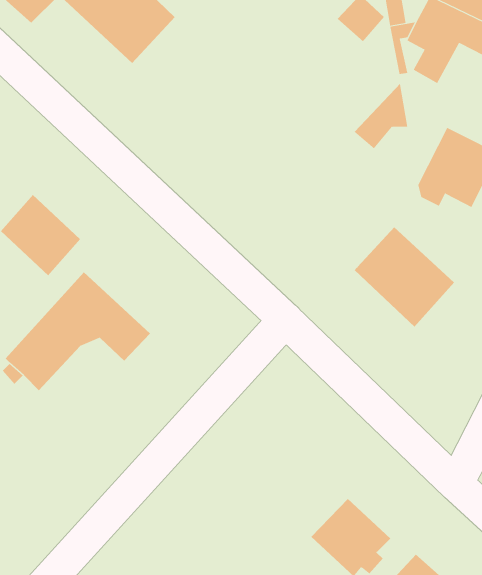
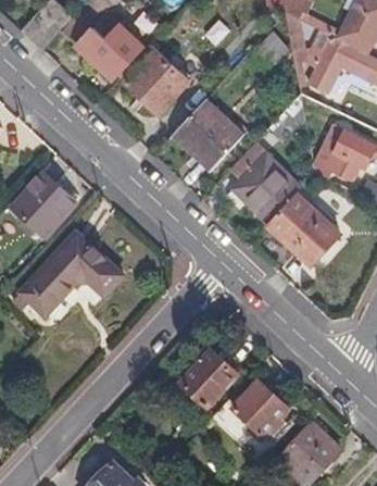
building: none -> [124,50,189,115]
building: none -> [171,103,239,172]
building: none -> [233,155,300,222]
building: none -> [181,350,237,406]

